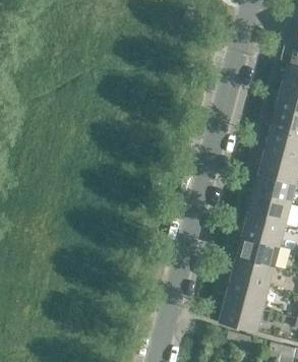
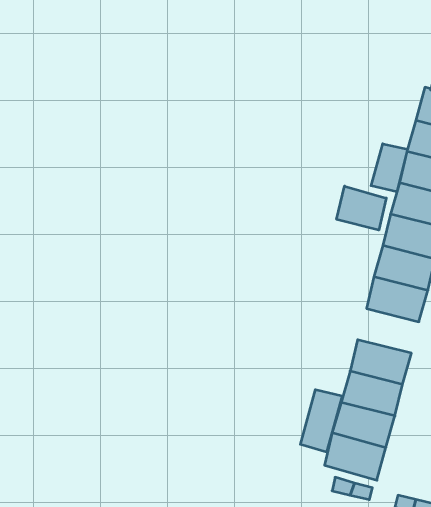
building: none -> [371,144,407,192]
building: none -> [337,186,386,230]
building: [244,215,286,245] -> none
building: none -> [300,390,342,452]

